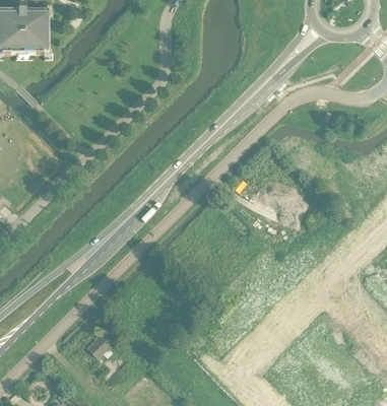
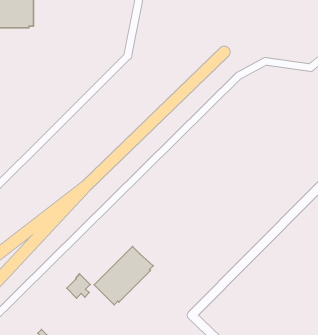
building: none -> [94,247,153,305]

